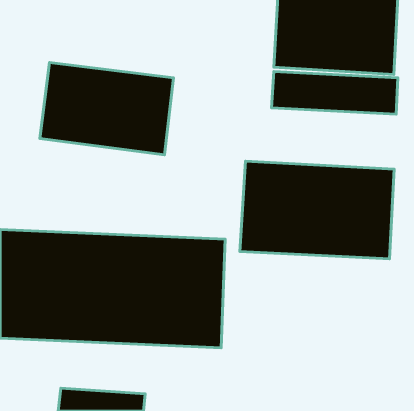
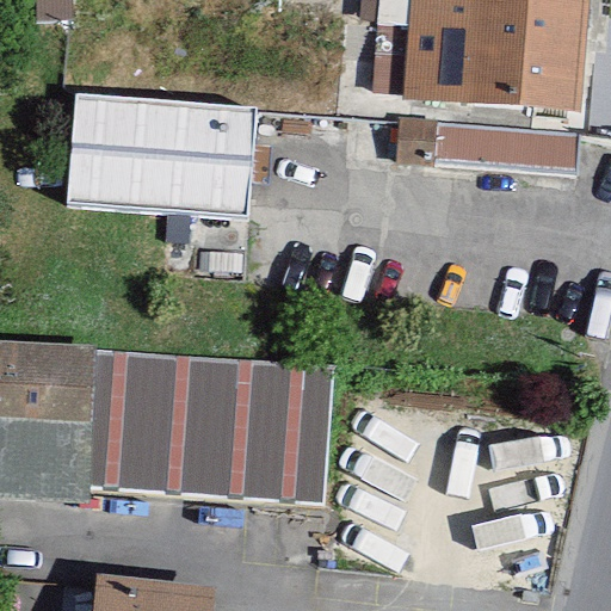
building: [240,161,394,259] -> none

